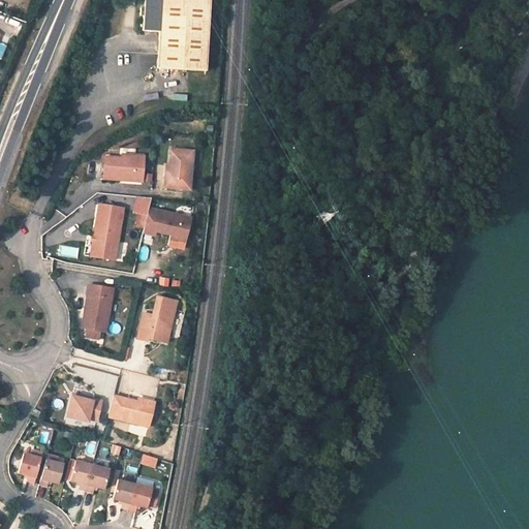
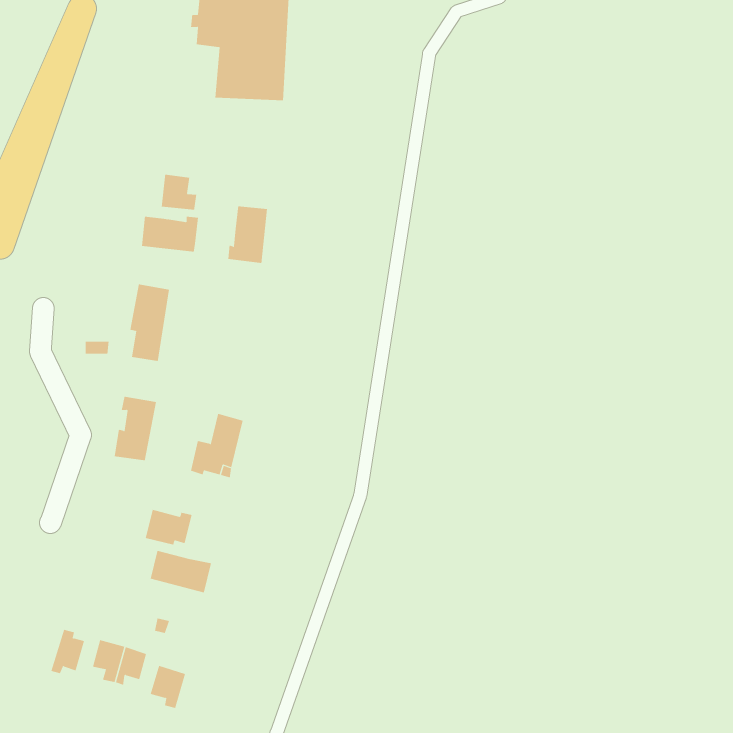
building: none -> [161,174,197,211]
building: [144,207,191,237] -> none
building: [68,396,102,422] -> [145,509,192,545]
building: [17,446,40,481] -> none
building: [128,484,157,510] -> none

